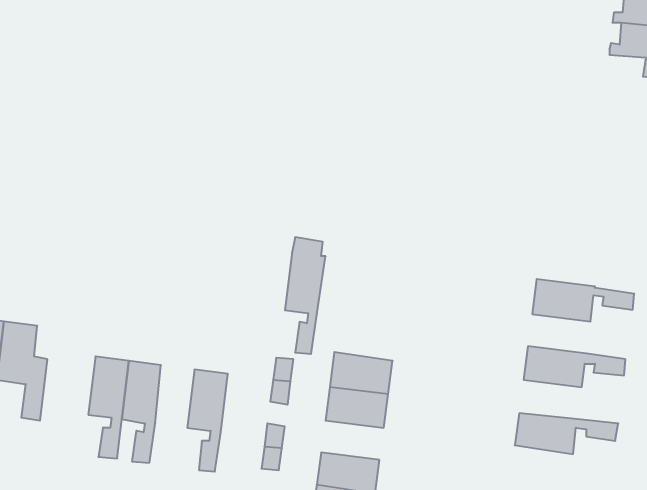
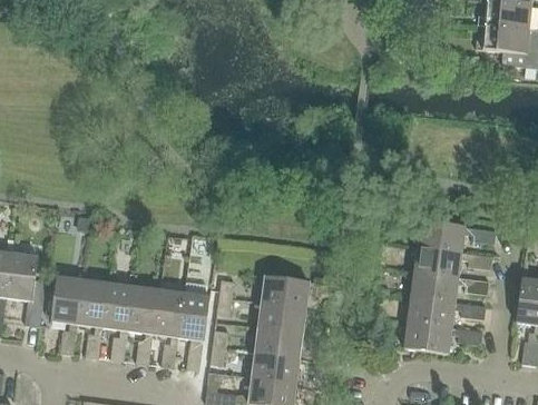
building: [285,237,326,354] -> [177,281,208,371]
building: none -> [412,247,490,277]
building: none -> [50,276,81,354]
building: none -> [127,286,157,364]
building: none -> [405,297,485,327]
building: none -> [254,328,302,358]

